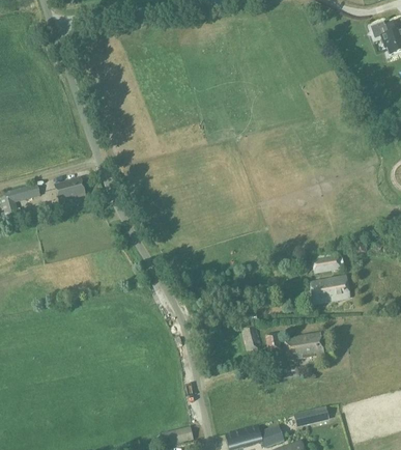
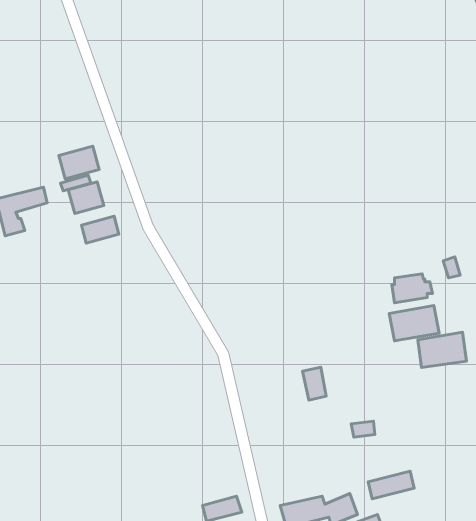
building: none -> [59,146,99,179]
building: none -> [81,216,119,243]
building: [286,331,324,359] -> [418,332,466,368]

